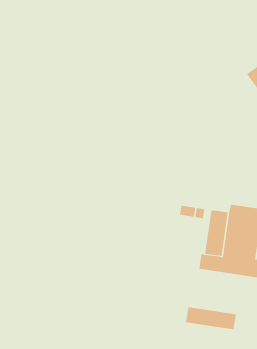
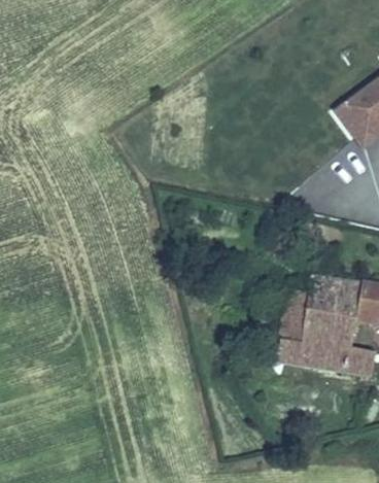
building: [186,307,237,330] -> none

